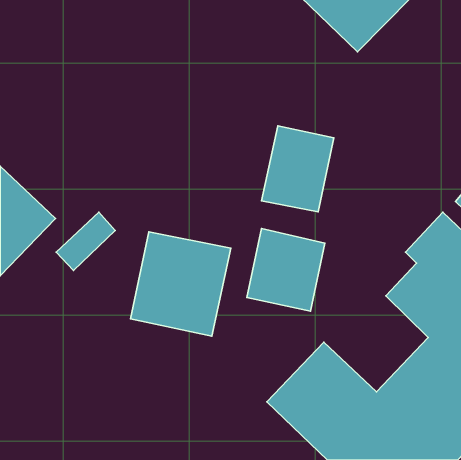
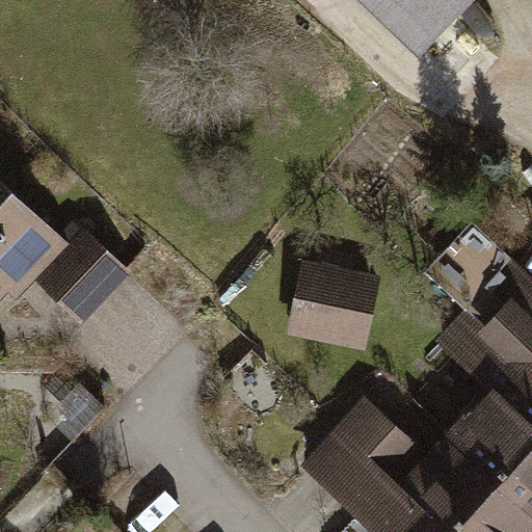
building: [262,126,334,212] -> none
building: [130,232,231,336] -> none

